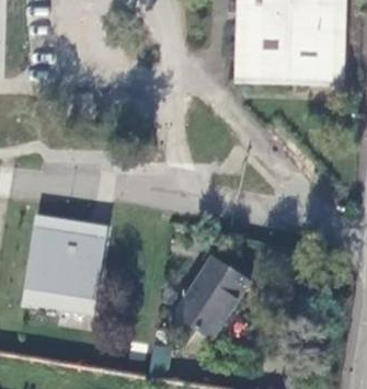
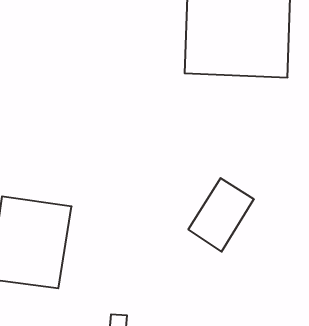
building: [177,259,249,339] -> [188,178,254,252]

